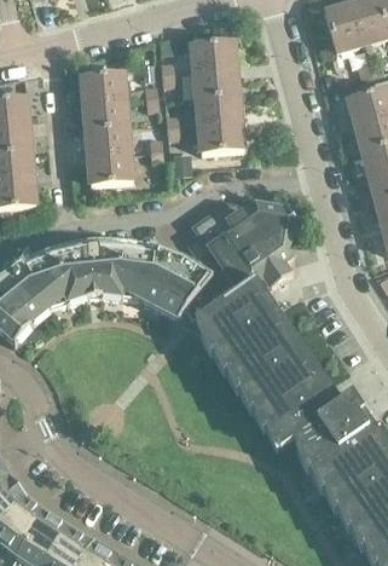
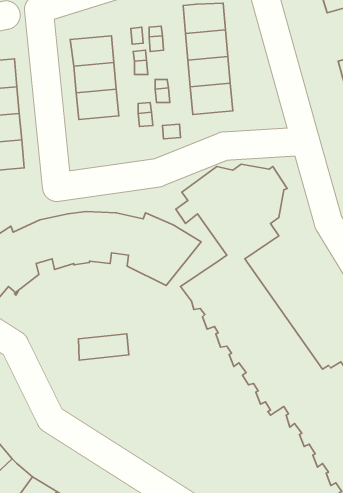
building: [89,151,132,181] -> none
building: none -> [78,334,129,360]

